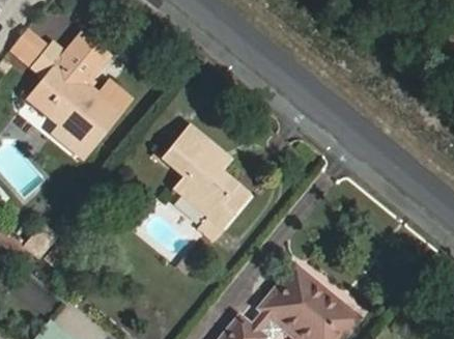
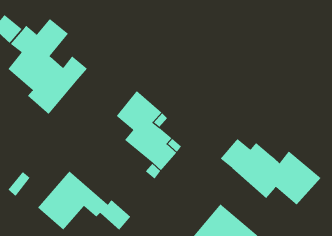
building: none -> [220,138,321,205]
building: none -> [37,170,131,230]

